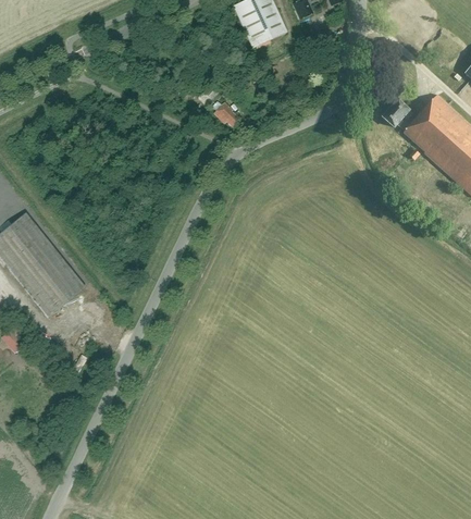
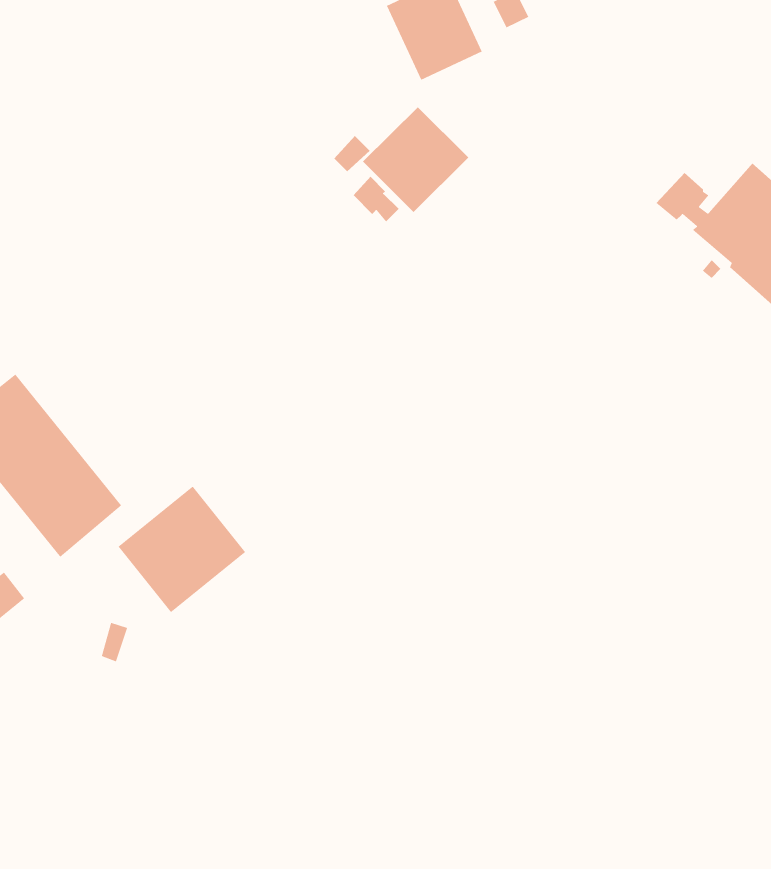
building: none -> [362,106,469,213]
building: none -> [117,486,246,613]

